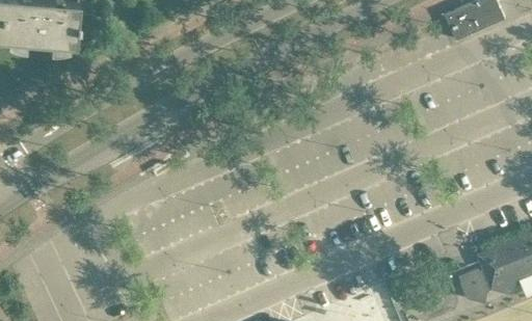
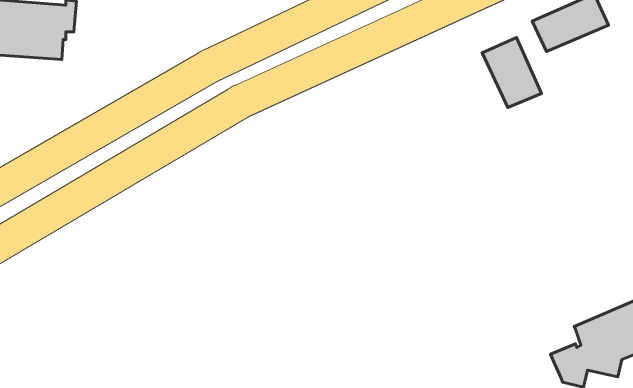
building: none -> [482,38,542,108]

